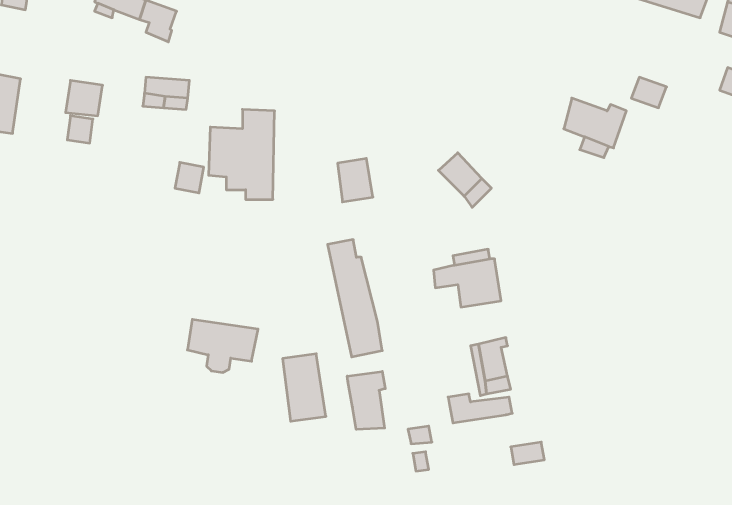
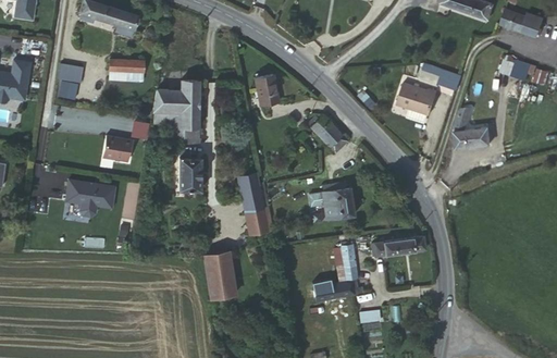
building: none -> [451,109,488,150]
building: [338,158,373,202] -> [255,76,278,106]
building: none -> [101,137,131,163]
building: none -> [177,159,199,192]
building: [187,319,258,372] -> [65,182,113,218]
building: none -> [376,232,426,255]
building: [347,371,385,429] -> none

